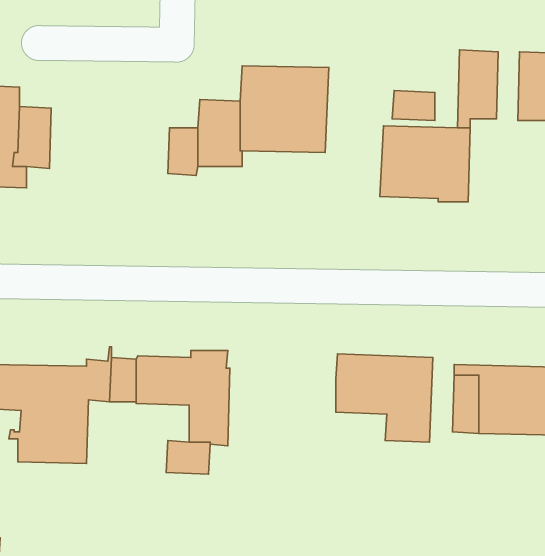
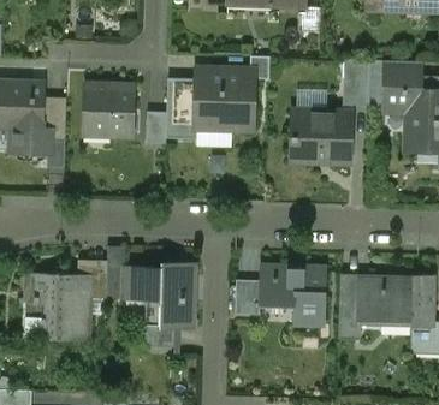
building: none -> [83,85,134,136]
building: none -> [236,282,260,315]

